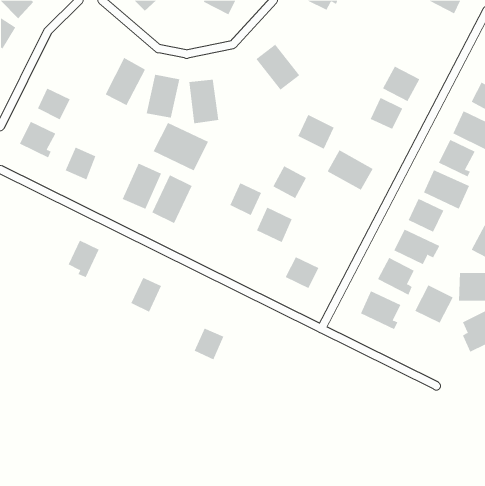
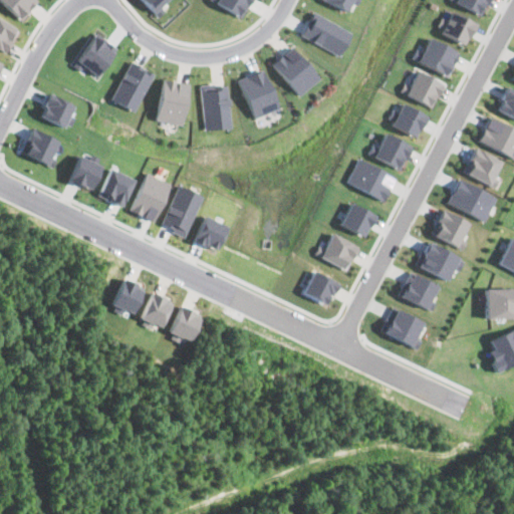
building: none -> [300,12,351,56]
building: none -> [435,12,475,44]
building: none -> [74,33,118,78]
building: none -> [411,38,460,76]
building: none -> [238,68,278,118]
building: [297,114,335,150] -> [372,133,412,170]
building: [153,122,209,171] -> none
building: none -> [99,169,137,207]
building: [272,166,307,199] -> [339,203,375,238]
building: [229,182,262,216] -> [195,216,229,251]
building: [256,207,293,243] -> [320,233,358,271]
building: [68,240,99,278] -> [111,278,145,318]
building: [415,285,453,324] -> none
building: [194,328,224,360] -> [169,307,201,341]

